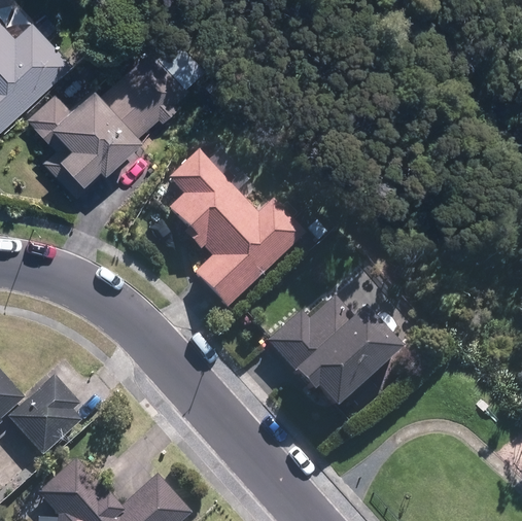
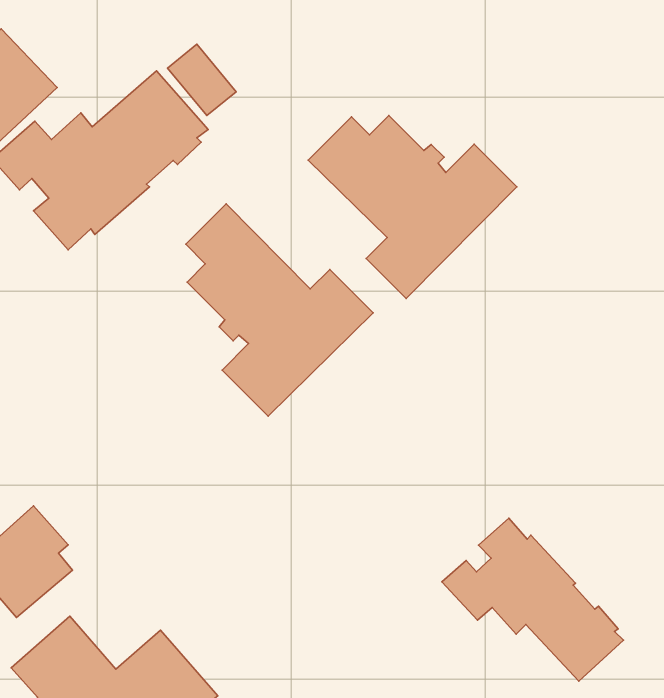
building: none -> [308,116,517,299]
building: [267,294,398,408] -> none
building: none -> [442,518,624,681]

